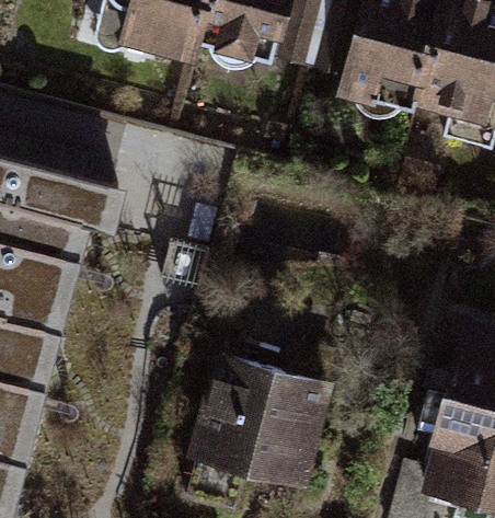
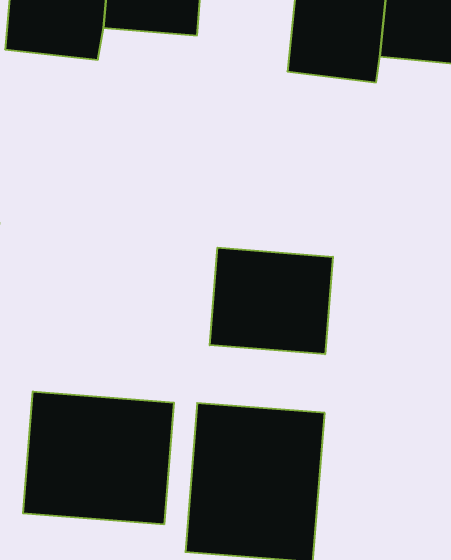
building: none -> [210,248,333,354]
building: none -> [23,391,174,524]

